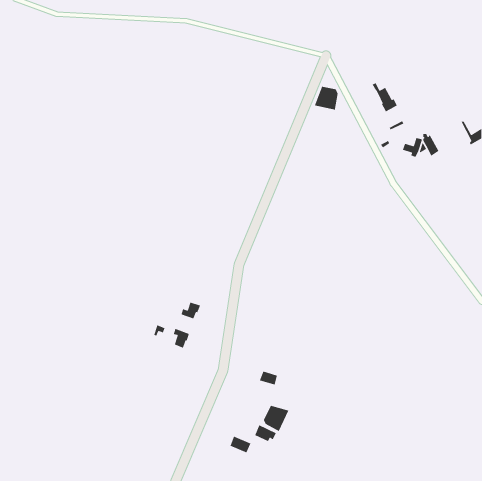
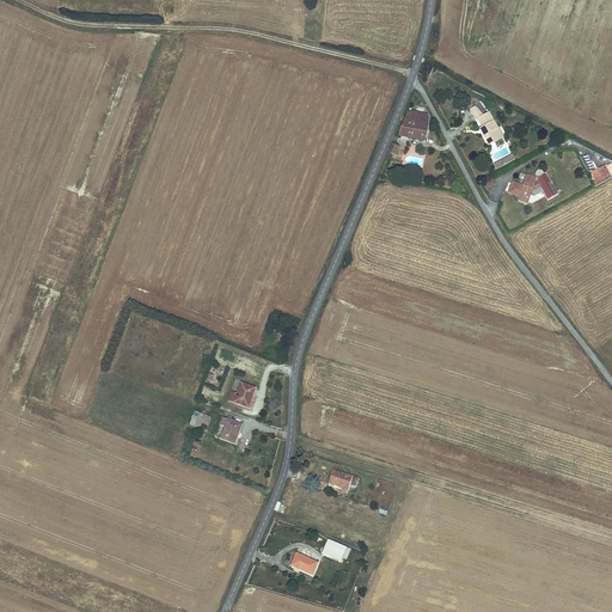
building: [263,405,290,432] -> none

